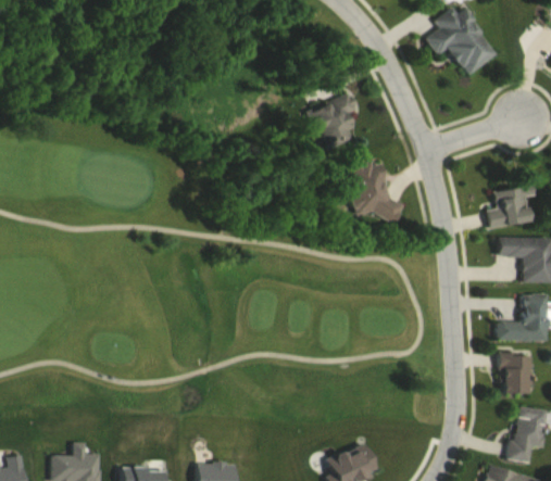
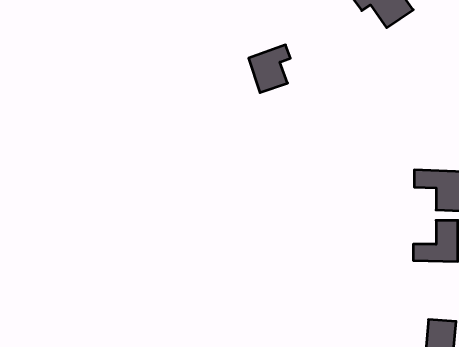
building: [350,162,402,221] -> none
building: [485,185,533,228] -> none
building: [500,353,529,393] -> none

